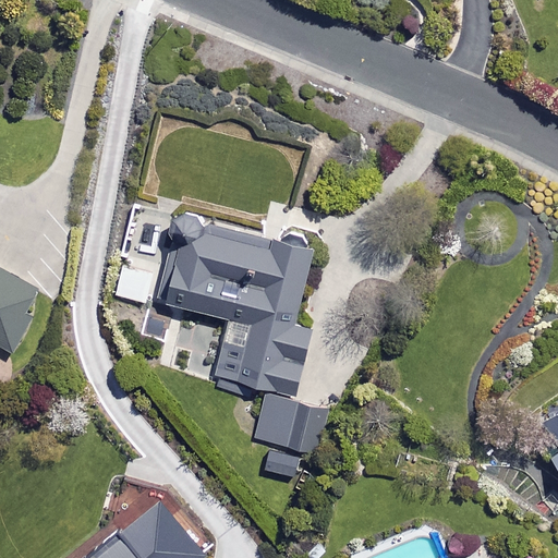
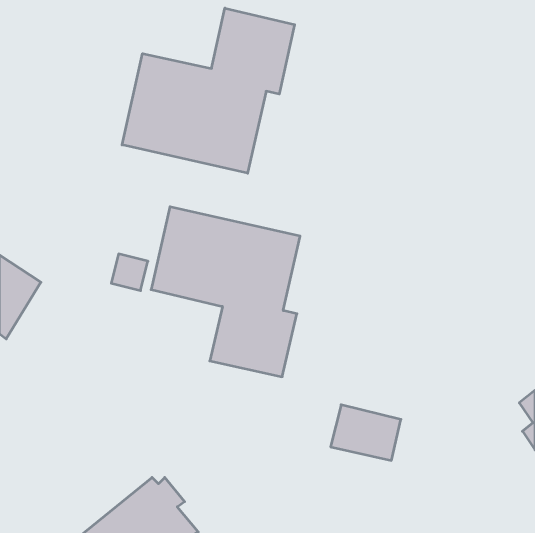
building: none -> [122,8,295,173]
building: [255,397,328,454] -> [331,405,401,460]

